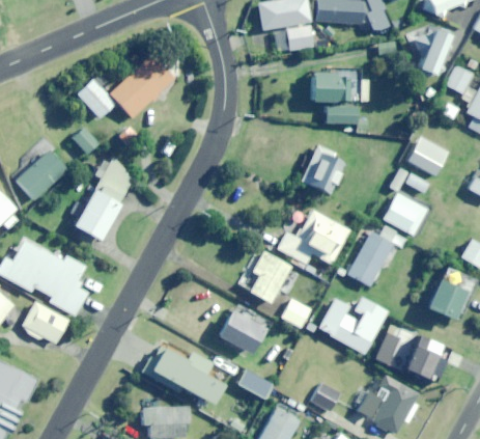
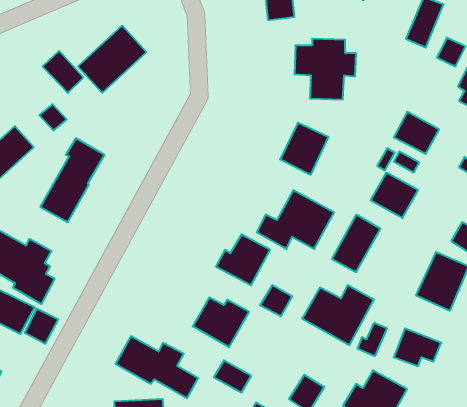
building: none -> [25,308,58,344]

